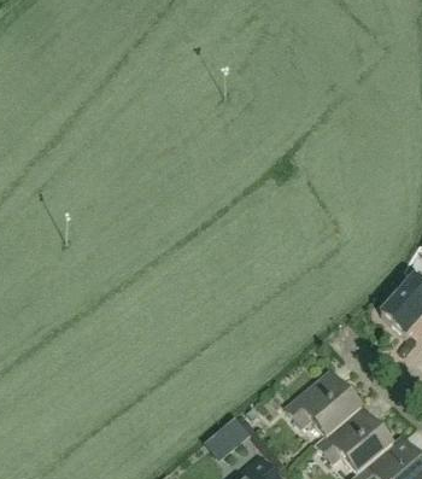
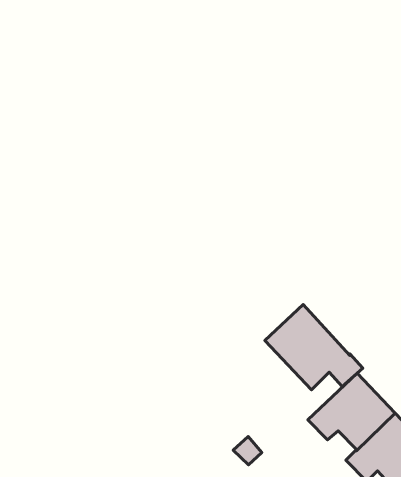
building: none -> [265,305,363,390]

